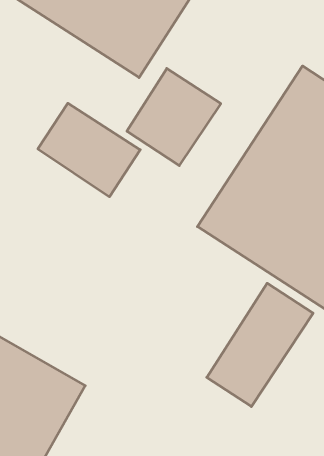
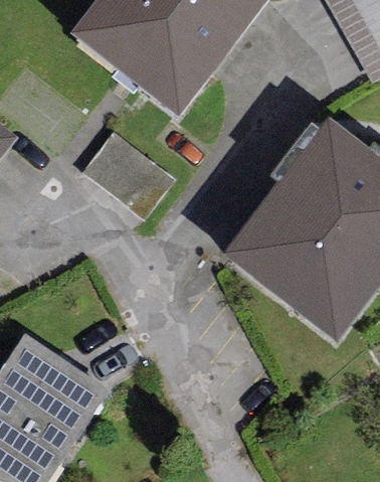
building: [127,68,221,166] -> none
building: [207,283,313,407] -> none

